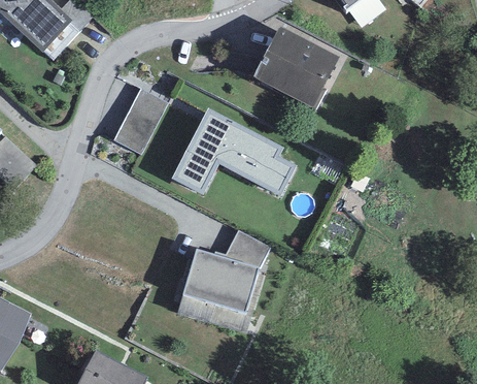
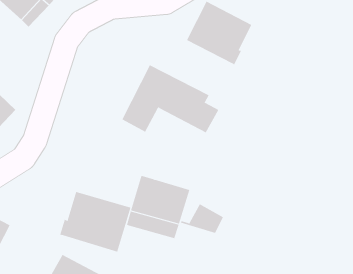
building: [113,88,167,153] -> none
building: [213,229,269,267] -> [180,204,224,233]
building: none -> [60,191,131,252]

